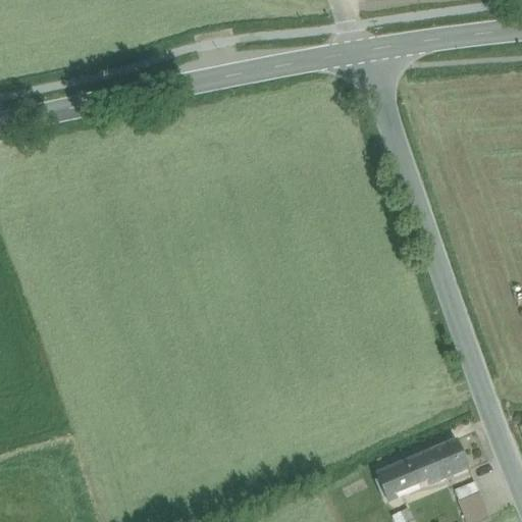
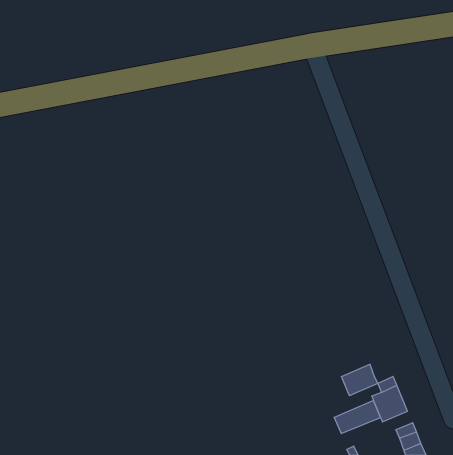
building: none -> [342,364,378,396]

